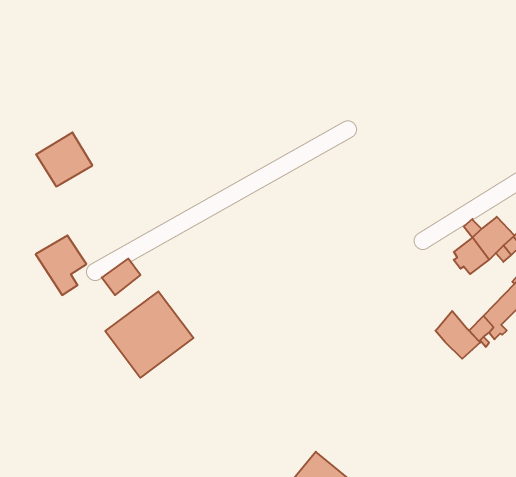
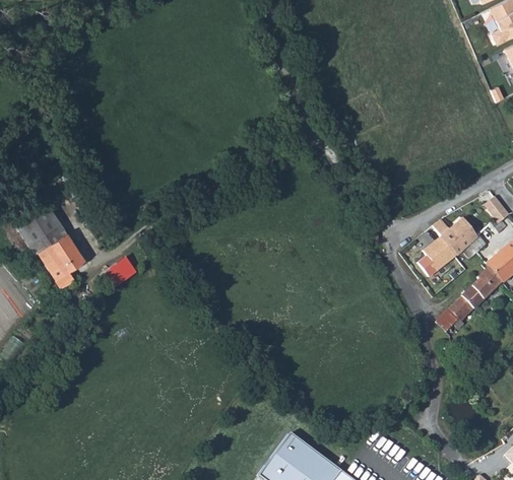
building: [36,132,92,186] -> [15,204,67,254]
building: [105,291,193,378] -> none
building: [435,311,480,359] -> none

